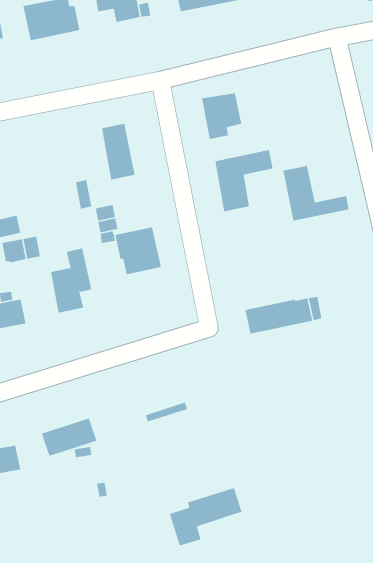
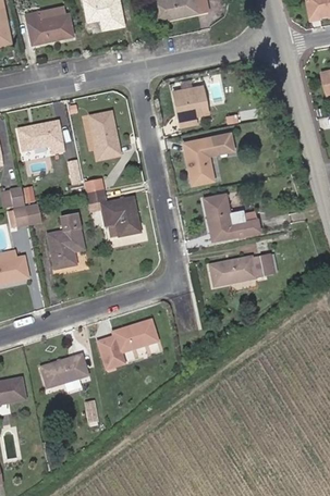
building: none -> [19,122,63,153]
building: [282,165,350,222] -> [204,195,259,241]
building: [169,487,242,546] -> [97,321,158,370]

